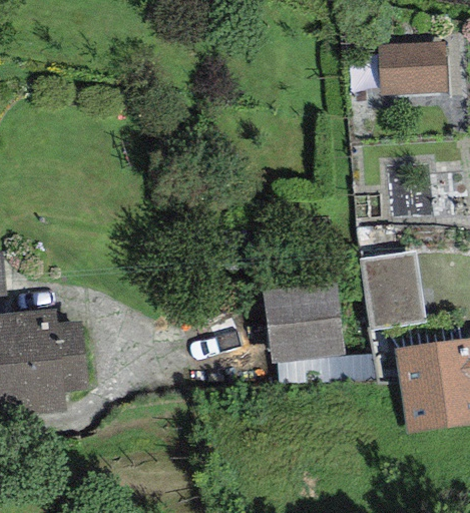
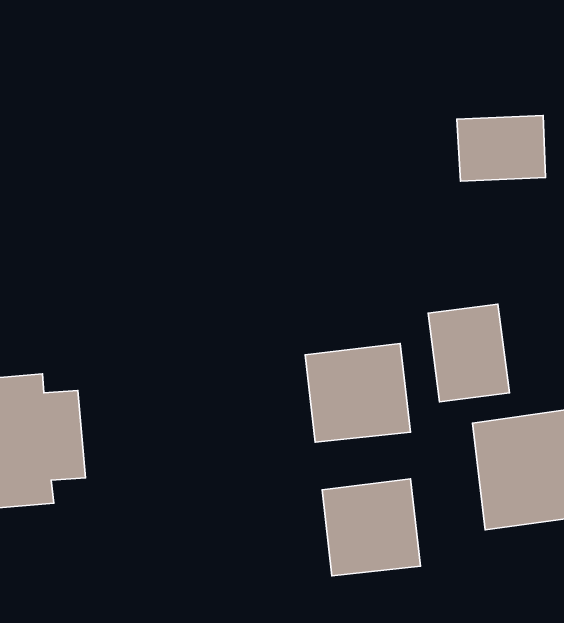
building: [377,42,447,94] -> [457,115,546,181]
building: none -> [322,479,420,576]

